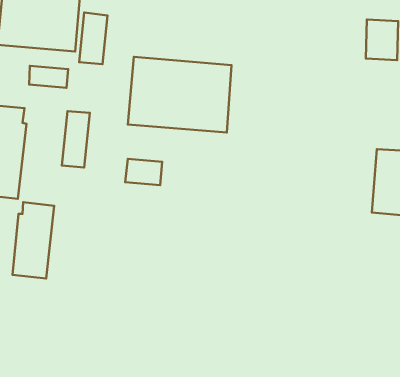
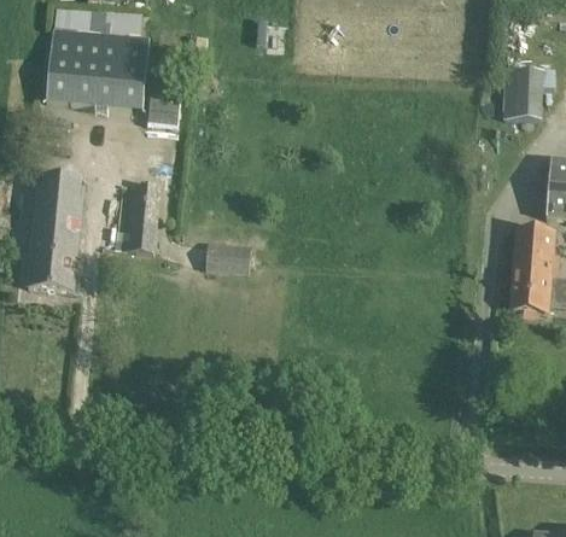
building: [128,57,231,133] -> none
building: [29,66,68,88] -> none
building: [13,202,54,279] -> none

